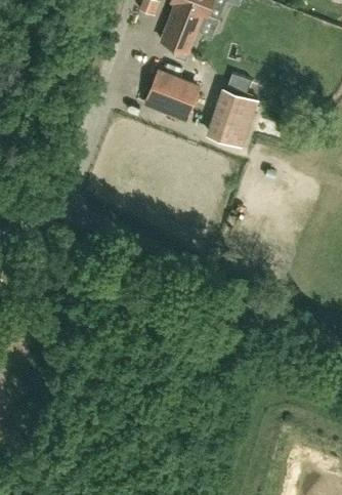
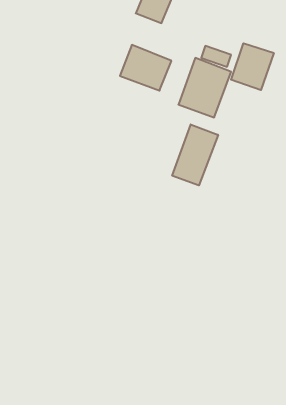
building: none -> [231,43,274,90]
building: none -> [172,124,218,185]

